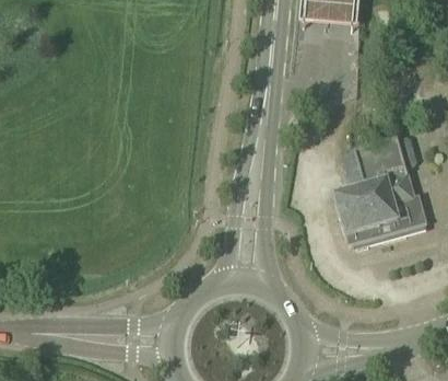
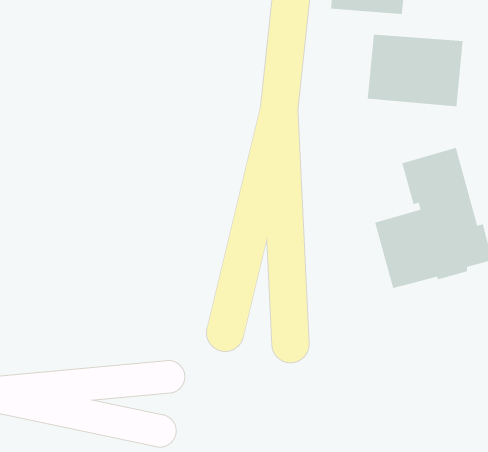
building: none -> [367,34,464,107]

